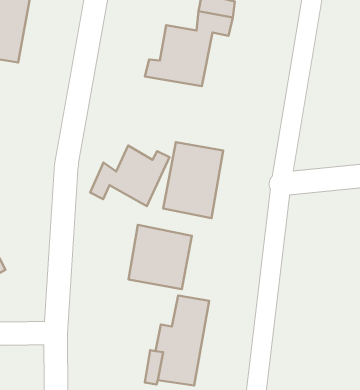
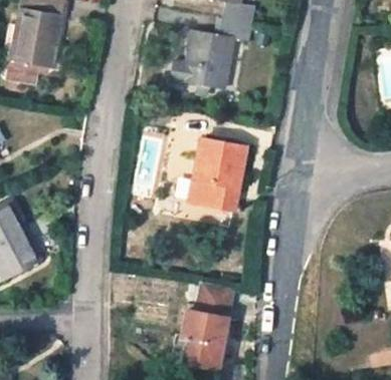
building: [90,145,170,206] -> none
building: [128,225,192,289] -> none

